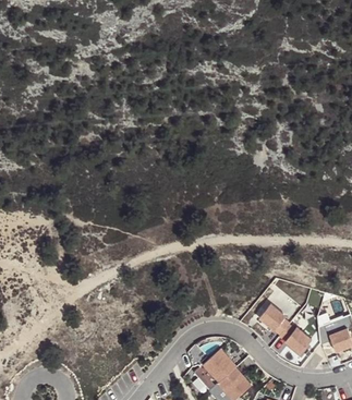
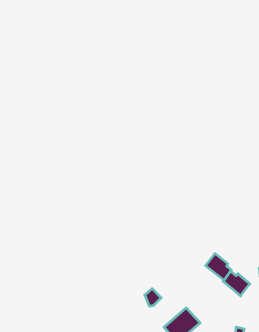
building: [196,350,238,390] -> none

